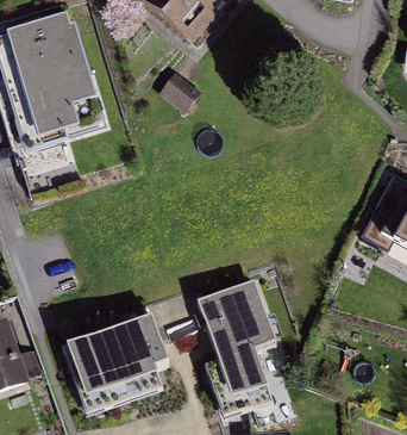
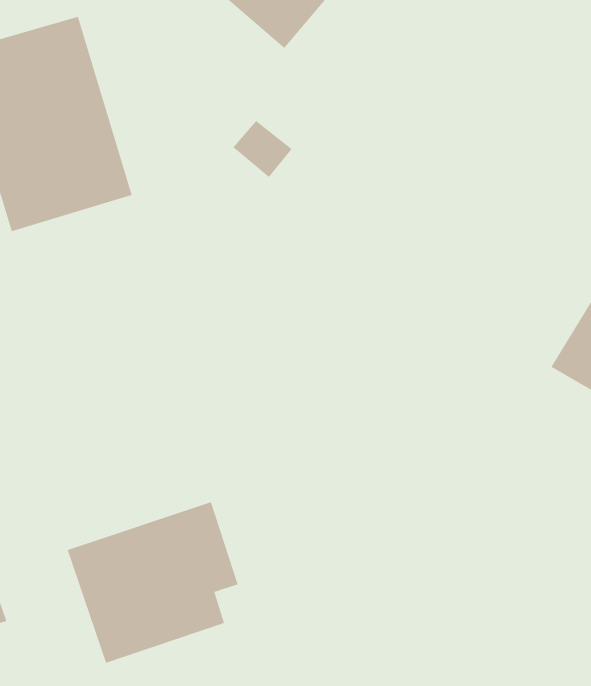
building: [199,280,274,416] -> none

